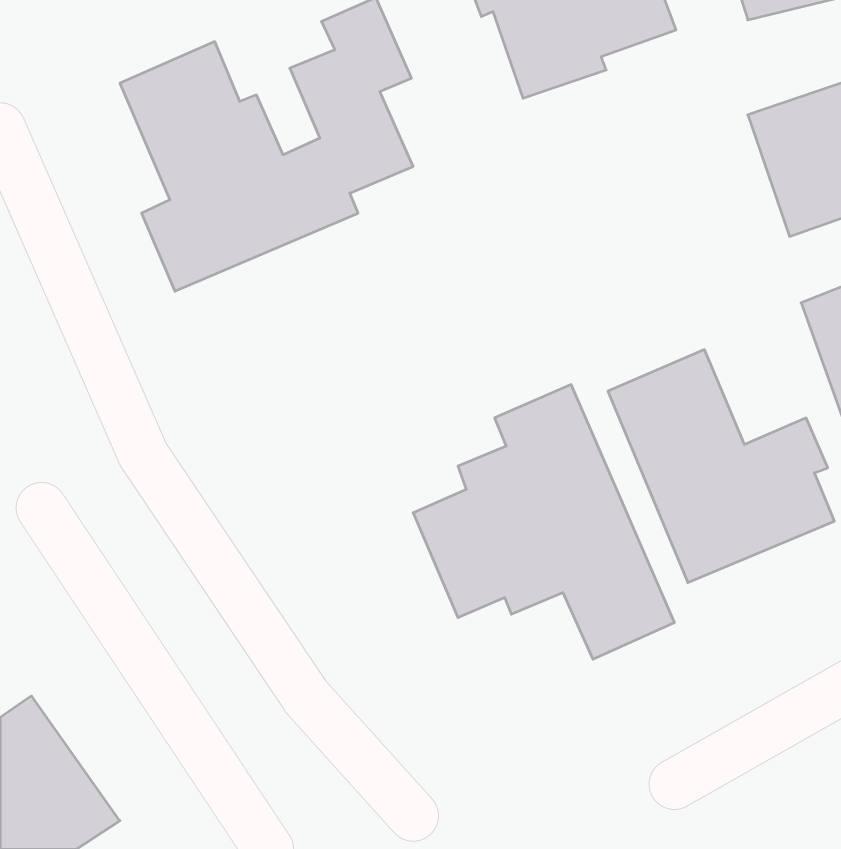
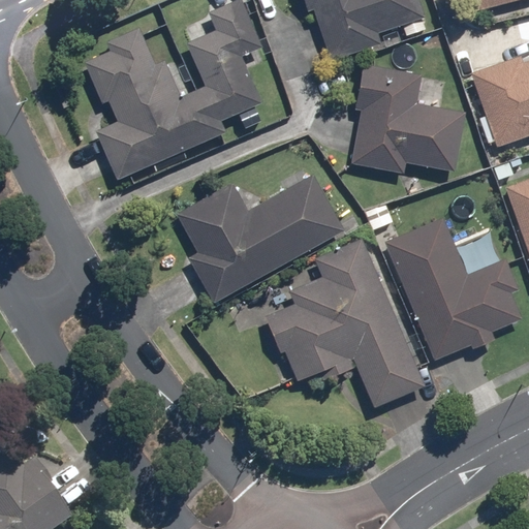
building: none -> [350,63,467,175]
building: none -> [176,174,345,305]

